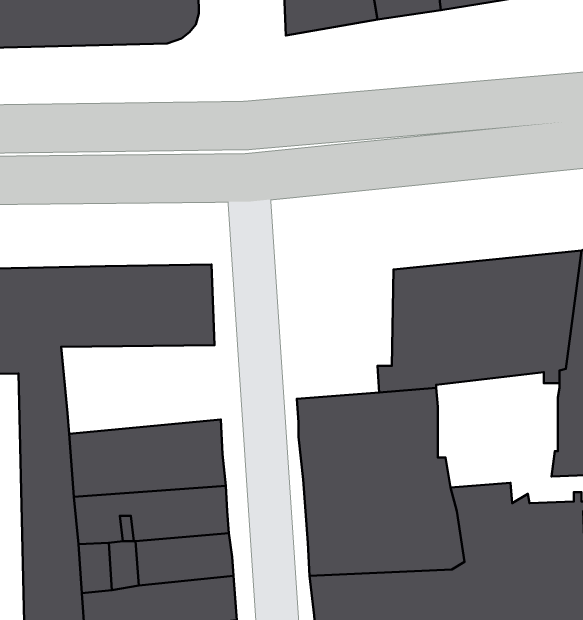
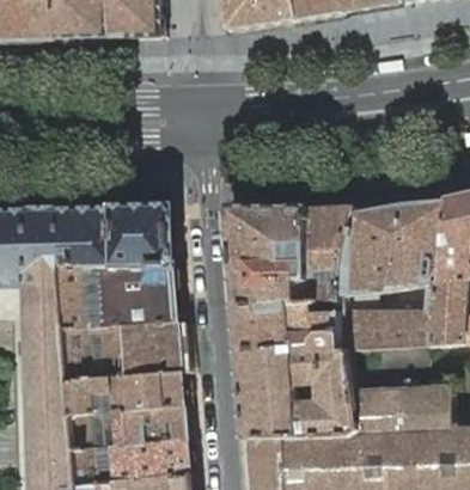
building: none -> [228,207,307,306]
building: none -> [56,265,177,332]
building: none -> [341,310,432,350]

